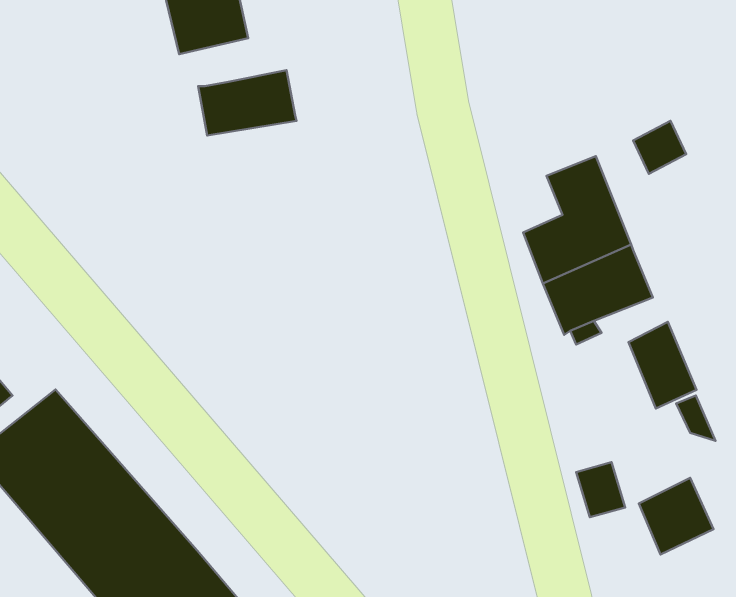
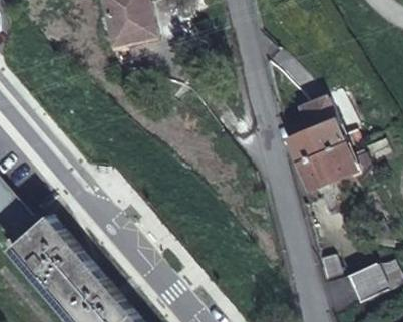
building: [198,70,297,135] -> none
building: [628,322,696,408] -> none

